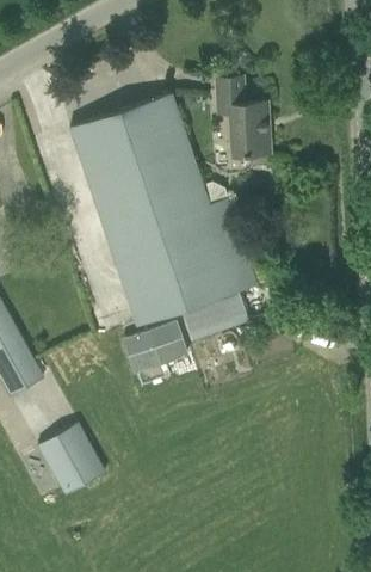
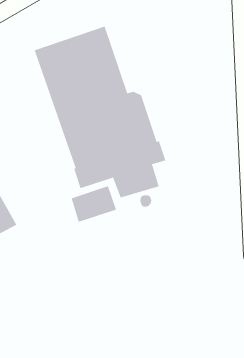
building: [216,78,271,158] -> none
building: [37,423,107,497] -> none

